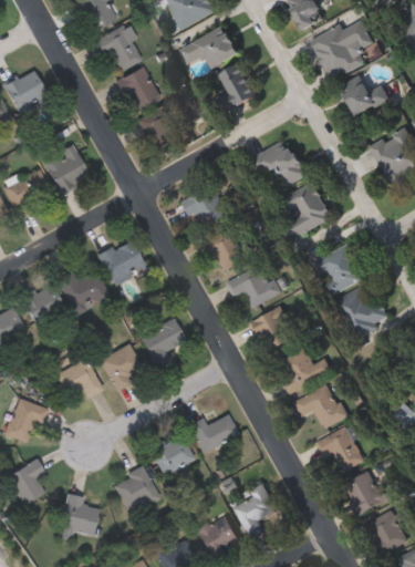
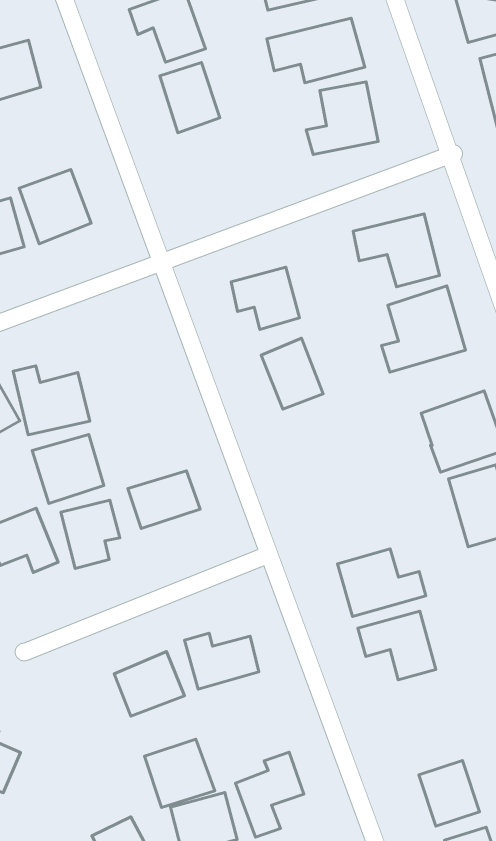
building: [137,105,179,151] -> none
building: [97,238,145,285] -> [32,434,104,504]
building: [226,265,282,308] -> none
building: [252,308,295,357] -> none
building: [315,425,364,472] -> none
building: [112,467,158,513] -> [145,739,215,807]

